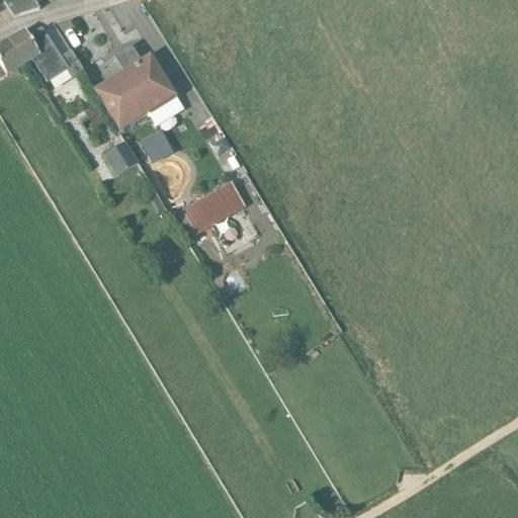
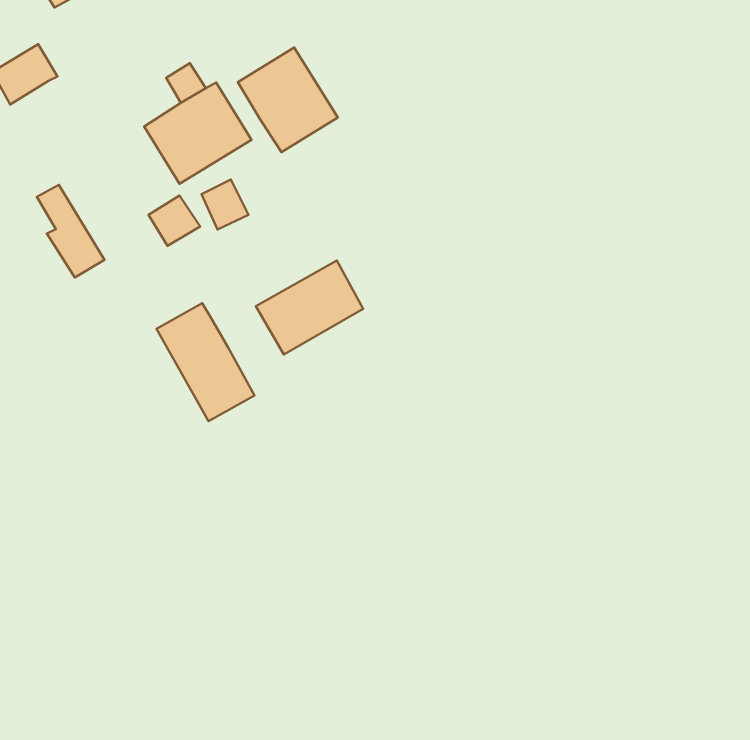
building: [26,22,73,86] -> [37,185,104,278]
building: none -> [238,47,338,152]
building: none -> [156,303,254,421]

